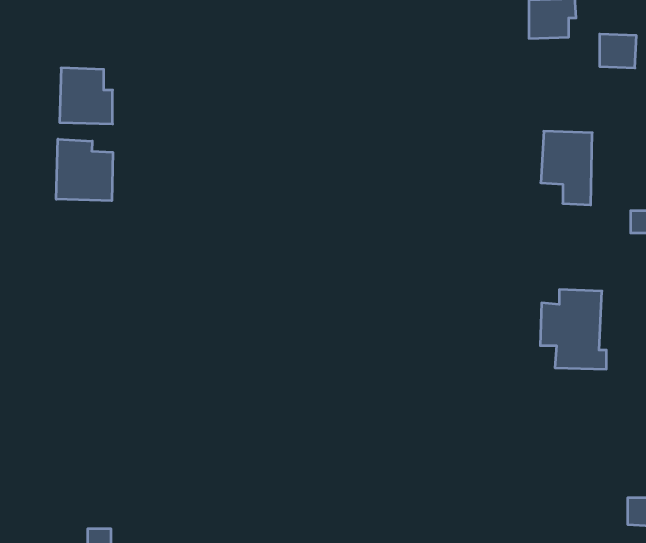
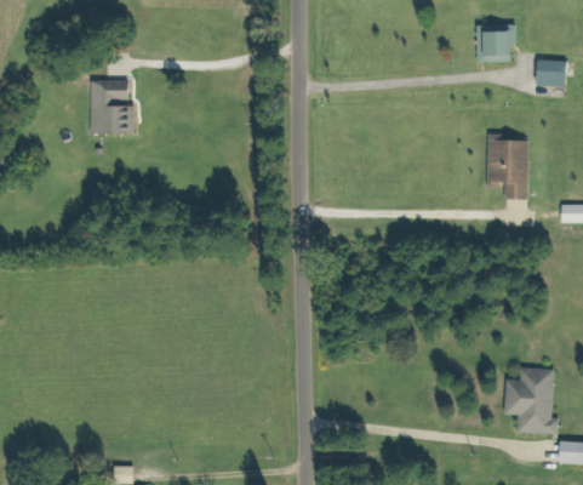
building: [56,139,113,201] -> none
building: [540,290,606,369] -> [504,367,559,433]

